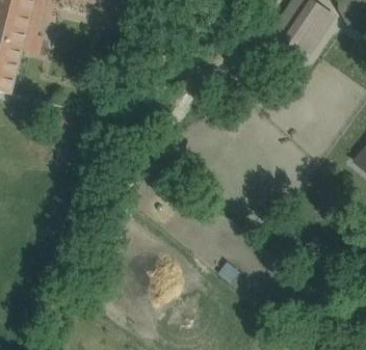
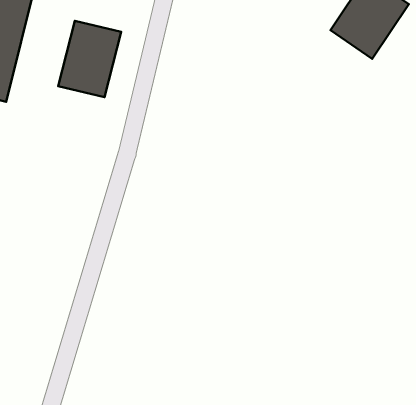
building: none -> [58,21,121,97]

